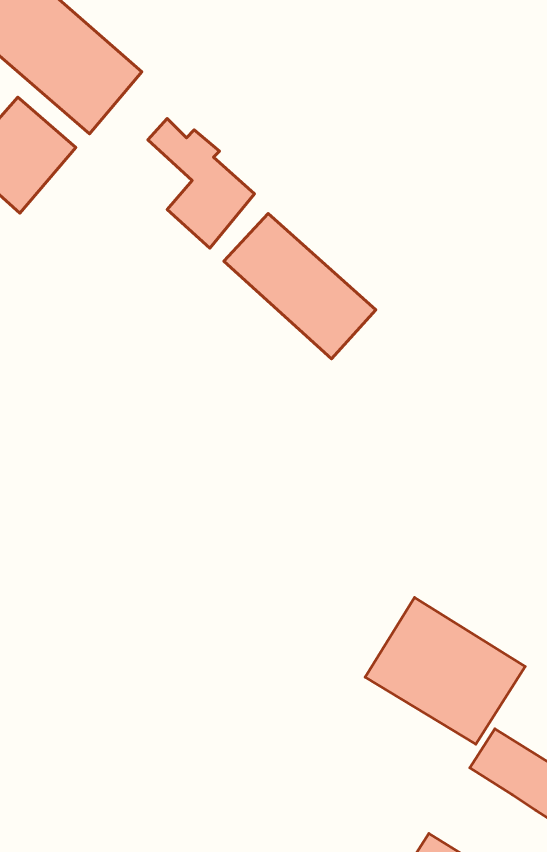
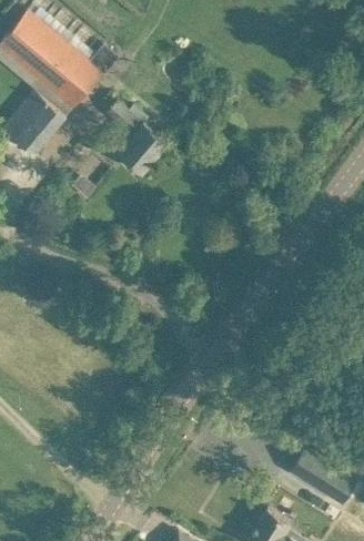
building: [224,214,376,359] -> none
building: [365,598,525,744] -> none

